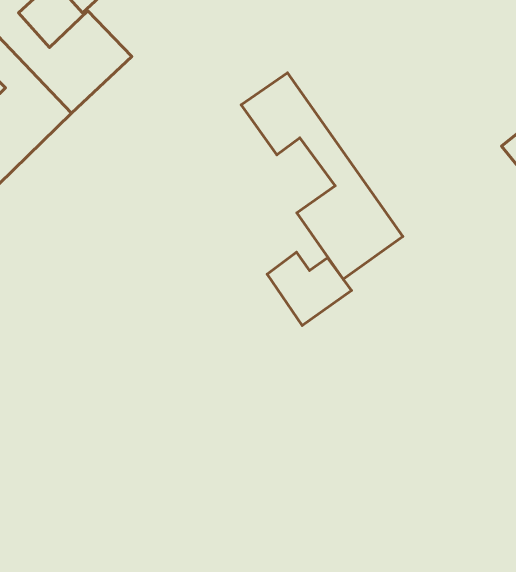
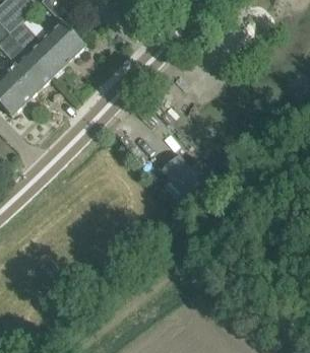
building: [241,73,403,279] -> none

